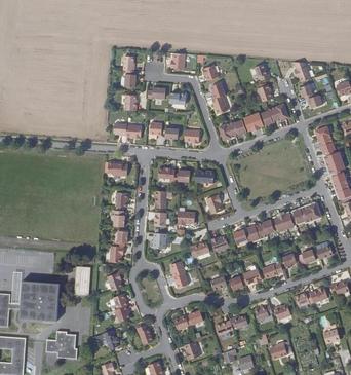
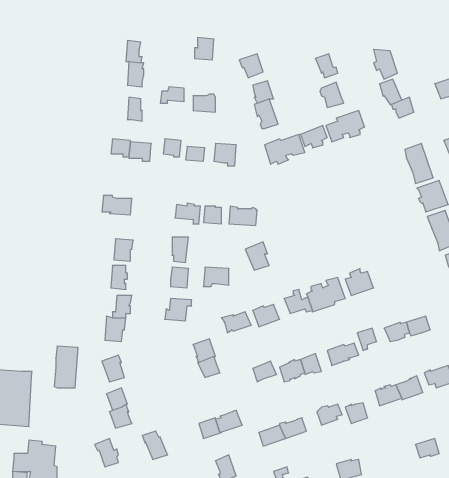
building: [291,201,320,224] -> none

